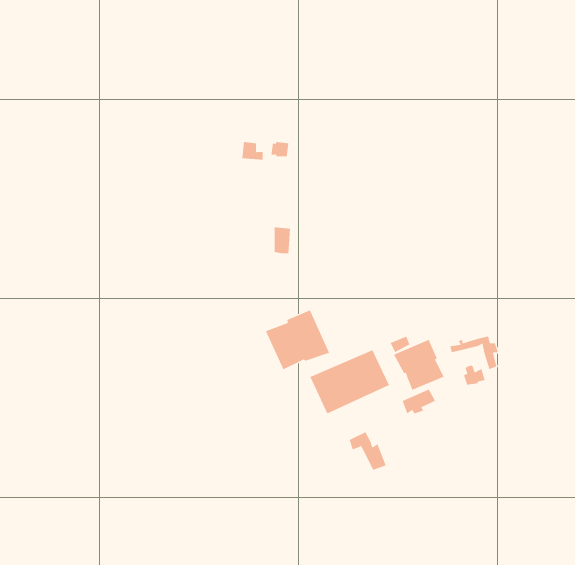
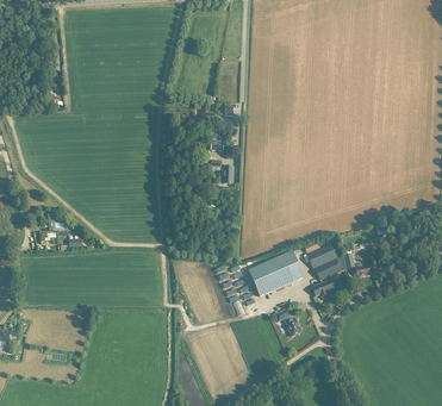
building: [265,310,330,370] -> none

